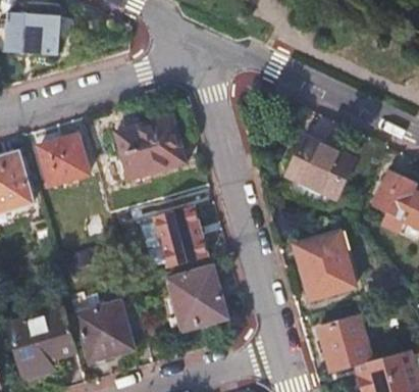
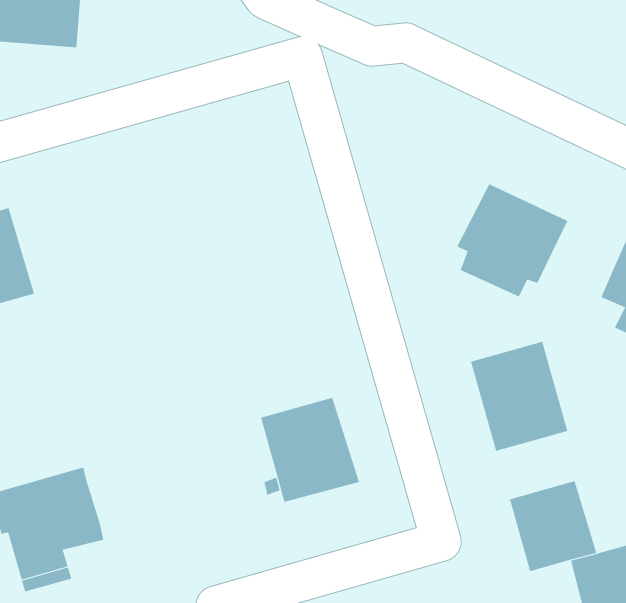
building: [114,115,185,184] -> none
building: [38,134,88,185] -> none
building: [152,206,208,266] -> none
building: [64,299,130,361] -> none

